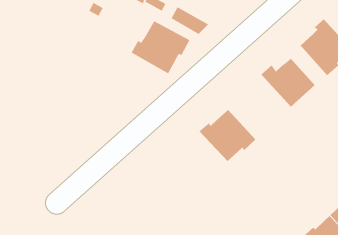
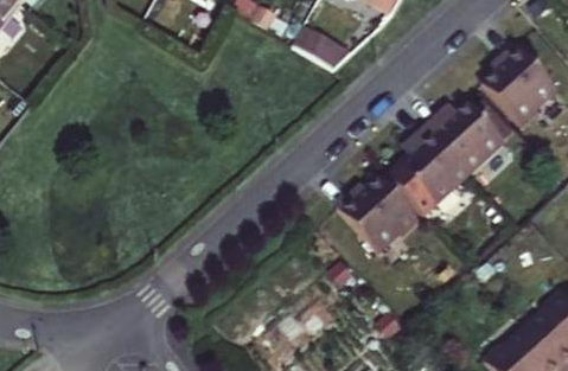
building: [131,20,190,74] -> none
building: none -> [384,123,467,213]

